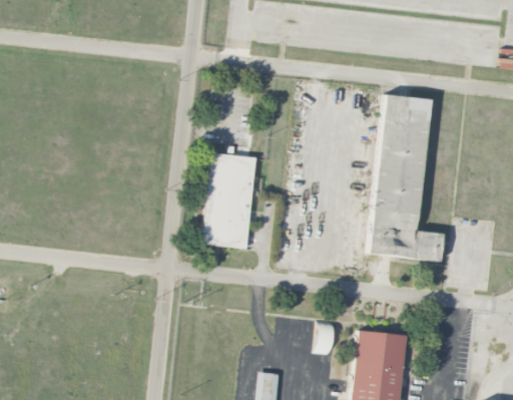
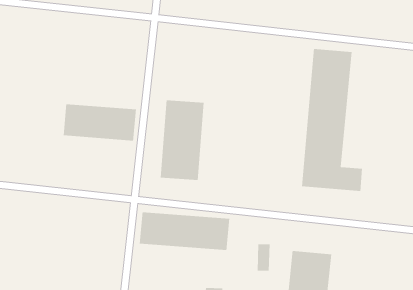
building: none -> [63,103,136,141]
building: none -> [139,212,230,251]

